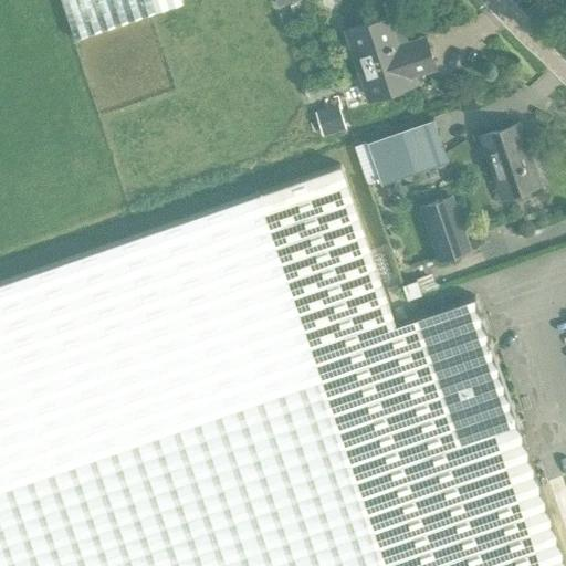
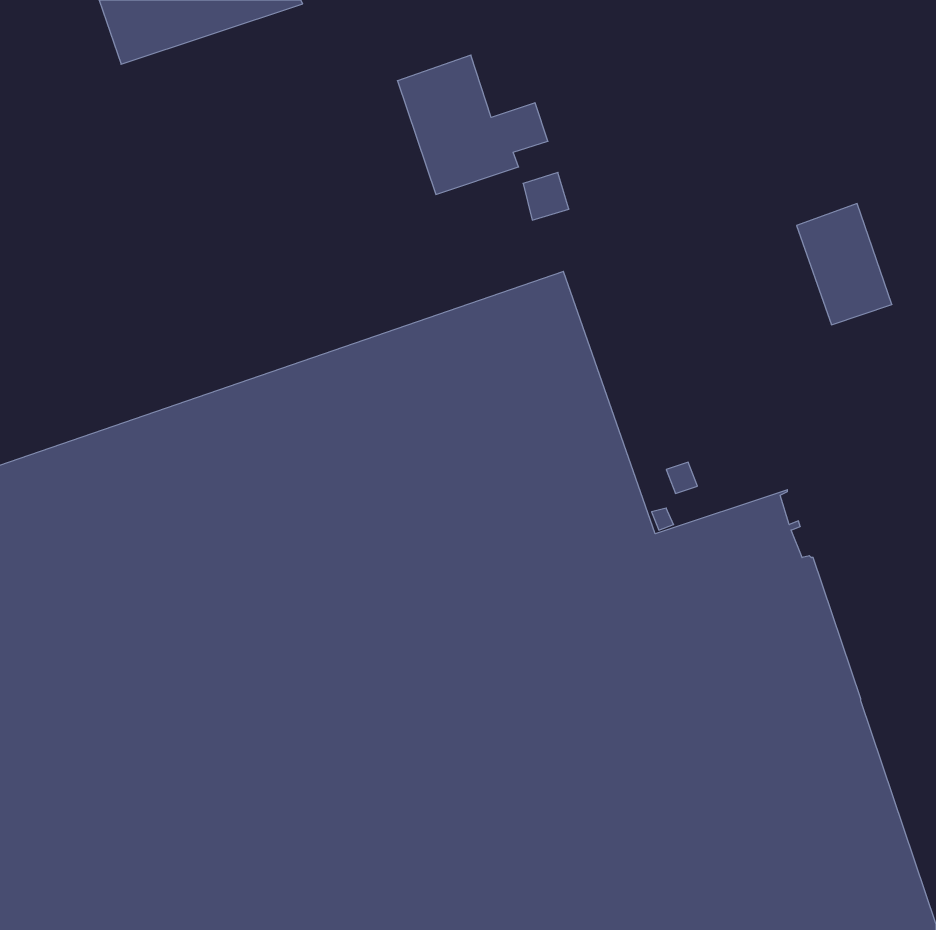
building: [344,19,434,103] -> [397,55,548,194]
building: [367,123,446,184] -> none
building: [421,201,468,261] -> none

